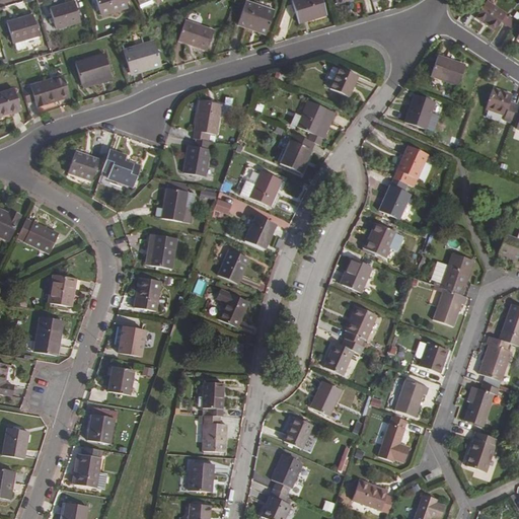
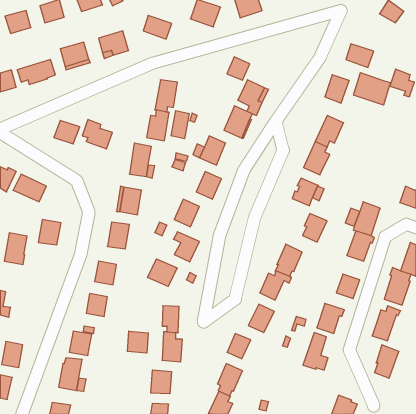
building: [329,66,358,95] -> [227,57,250,80]
building: none -> [354,73,390,105]
building: none -> [171,111,189,139]
building: [342,256,372,292] -> [303,214,327,242]
building: [33,315,62,355] -> [4,233,27,265]
building: none -> [148,259,177,286]
building: none -> [127,331,148,353]
building: [352,479,392,511] -> none

